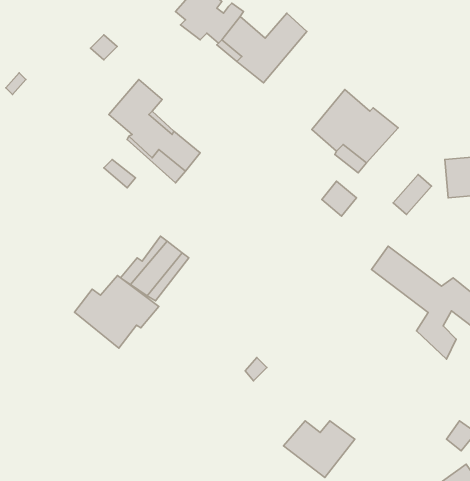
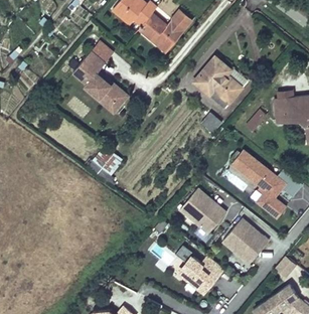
building: [75,276,159,348] -> none
building: none -> [181,190,226,233]
building: none -> [223,219,269,263]

